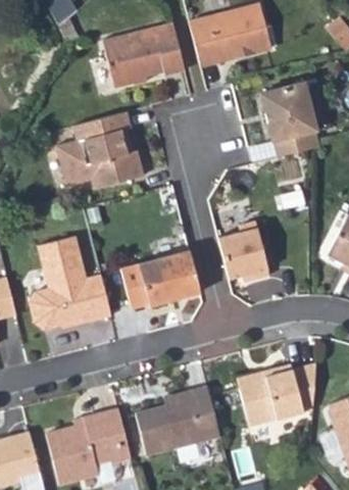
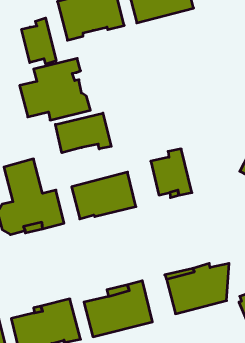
building: none -> [22,18,56,64]
building: [261,83,319,157] -> none
building: none -> [55,113,111,153]

